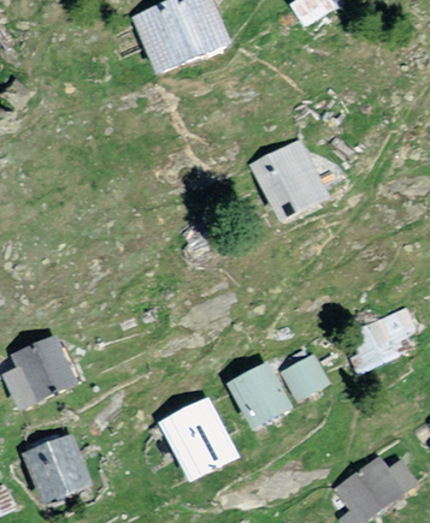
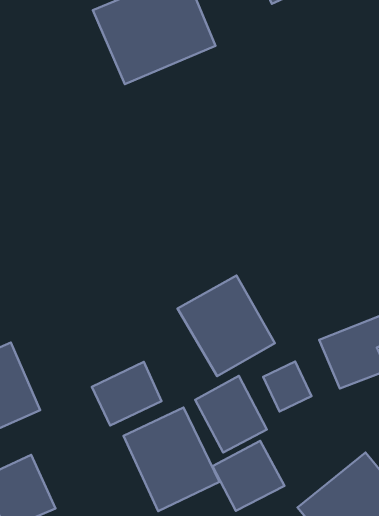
building: [251,132,342,227] -> [177,275,275,376]
building: none -> [92,362,162,425]
building: none -> [213,441,284,511]

